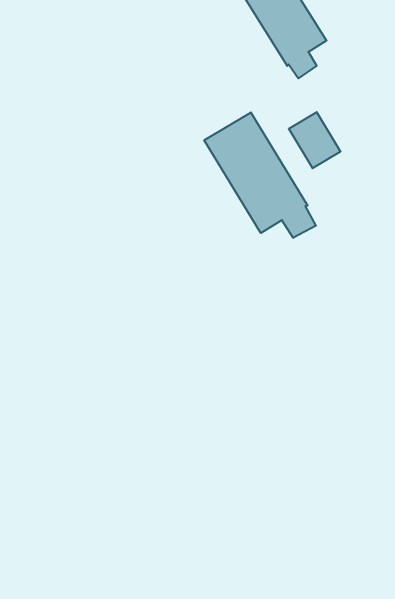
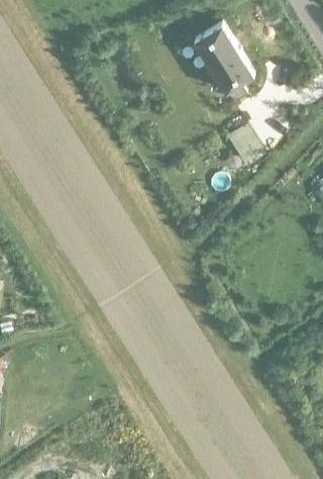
building: [204,112,316,238] -> none

